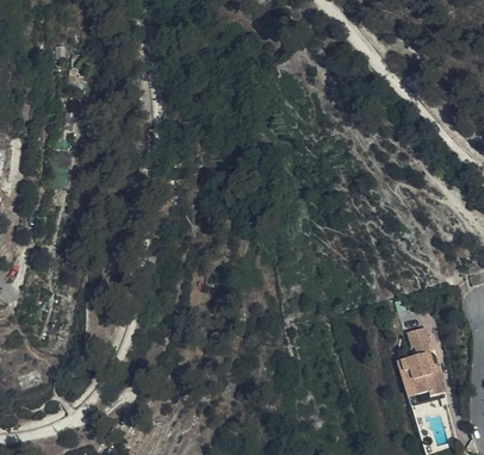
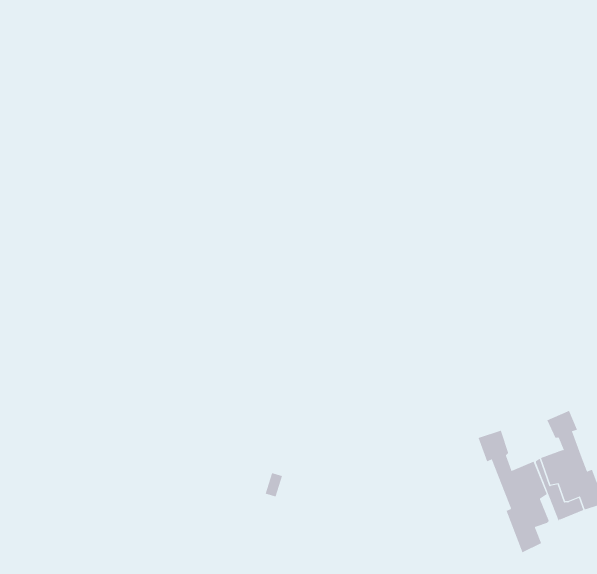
building: none -> [478,430,549,553]

